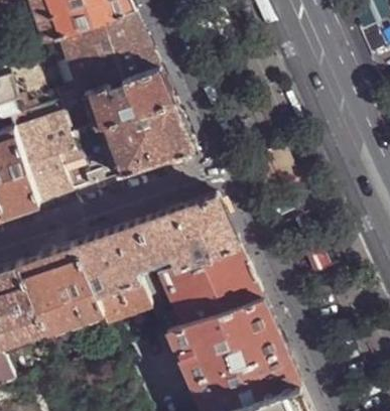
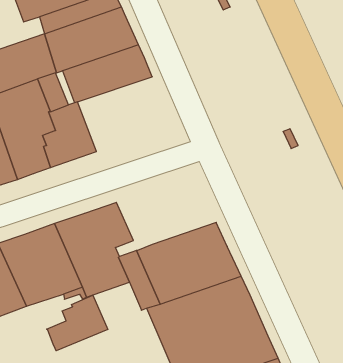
building: [97,102,193,177] -> none
building: [136,200,237,271] -> none
building: none -> [47,295,108,351]

